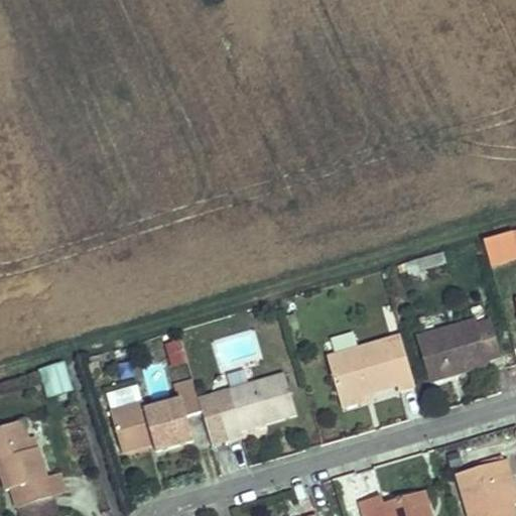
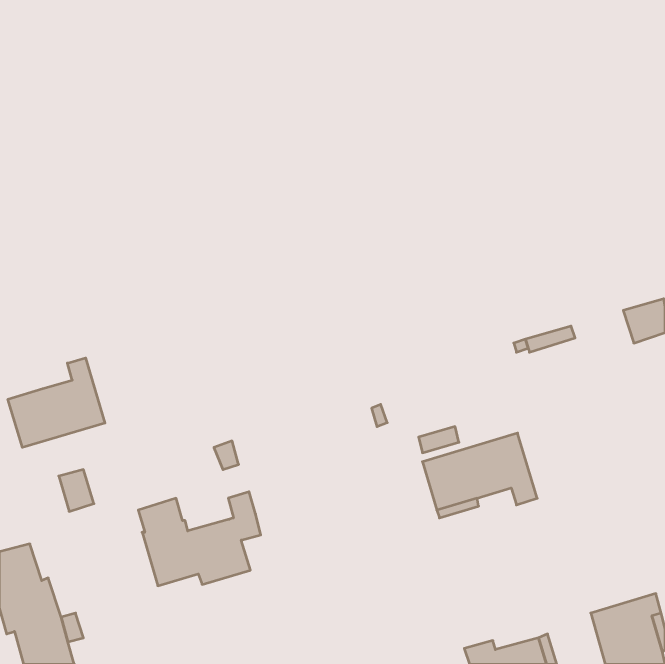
building: none -> [8,358,105,447]
building: [413,308,501,382] -> none
building: [198,372,296,445] -> none

